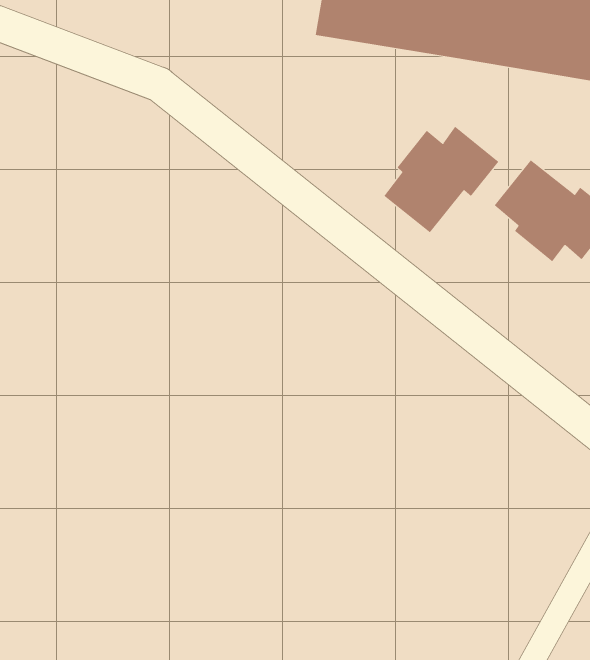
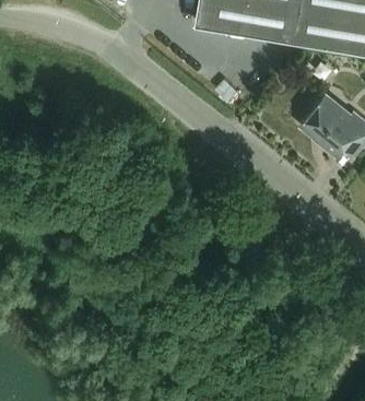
building: [384,126,499,233] -> none

